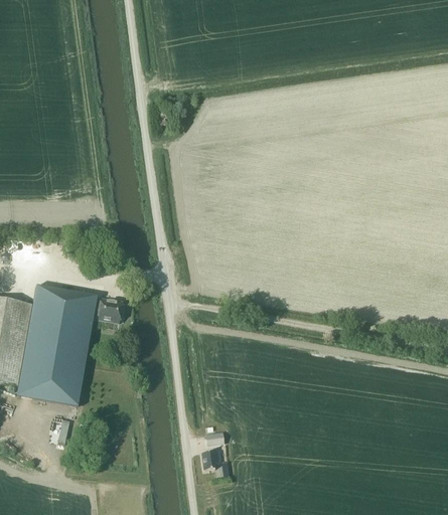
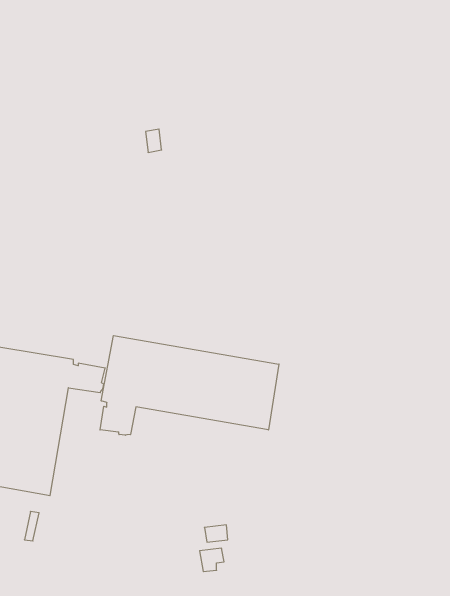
building: none -> [100,336,279,435]

